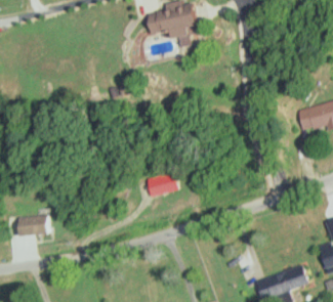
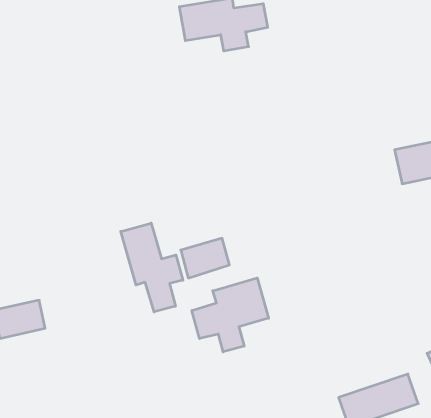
building: none -> [121,223,183,312]
building: none -> [192,278,269,352]

